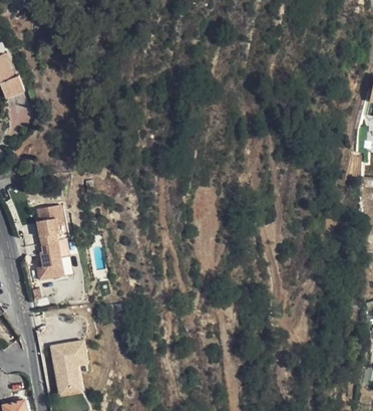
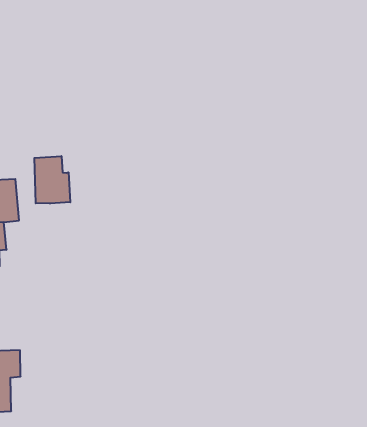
building: none -> [34,156,70,204]

